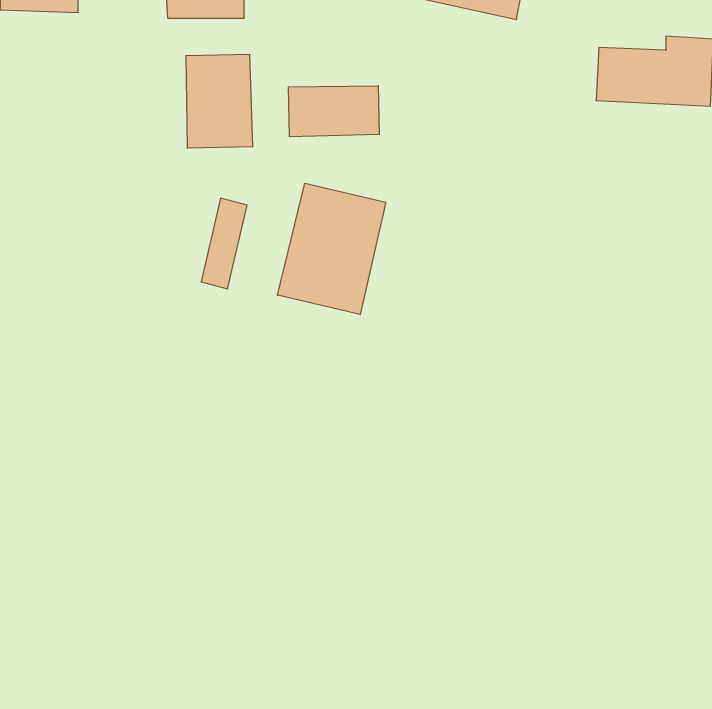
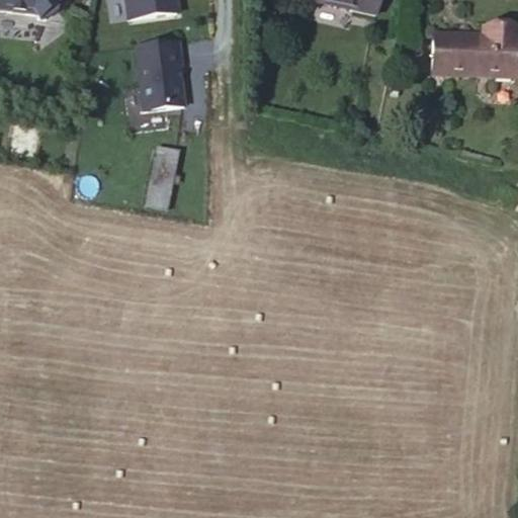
building: [288,86,379,137] -> none
building: [277,183,386,315] -> none

